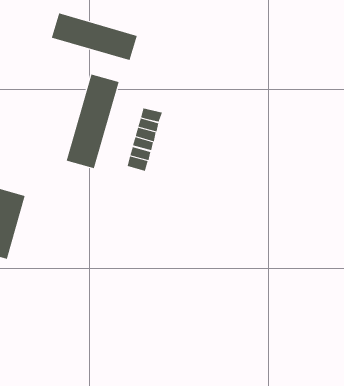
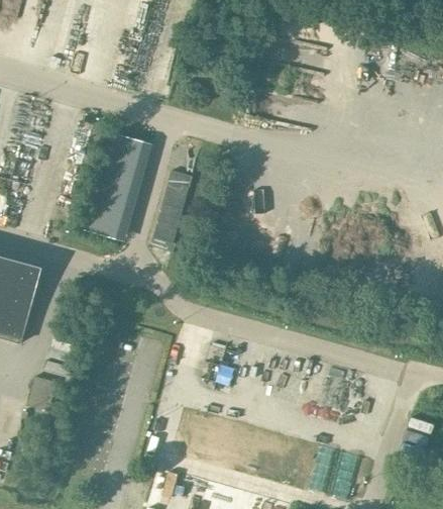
building: [51,13,137,61] -> none

